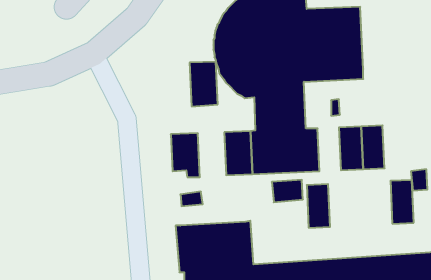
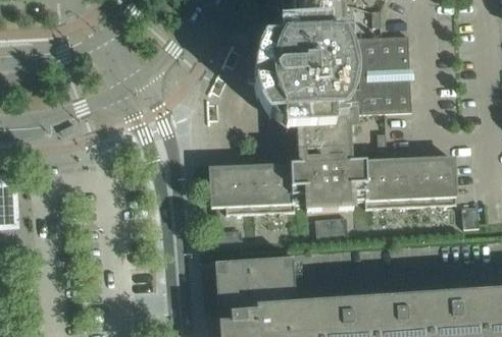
building: [190,62,218,106] -> [238,165,267,212]
building: [390,180,414,224] -> [432,157,456,203]
building: [307,184,330,228] -> [363,160,388,206]

